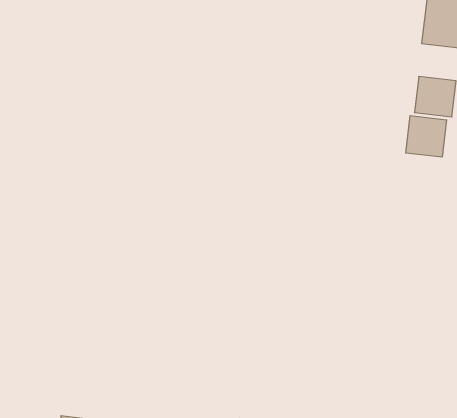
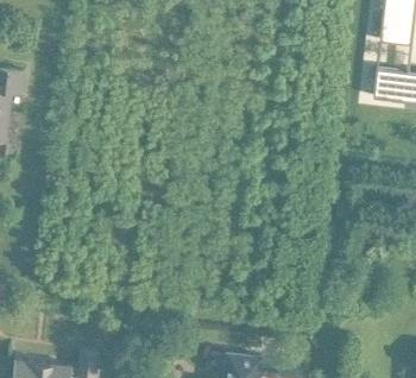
building: [406,116,446,157] -> none

